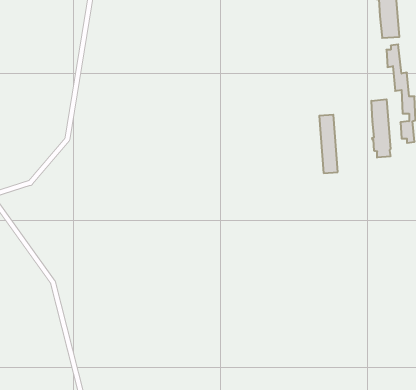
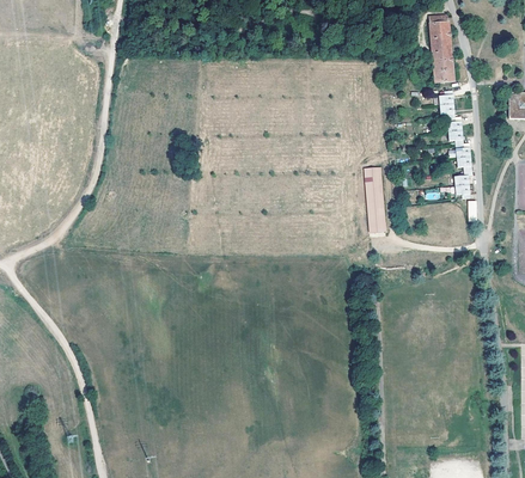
building: [371,99,390,158] -> none

